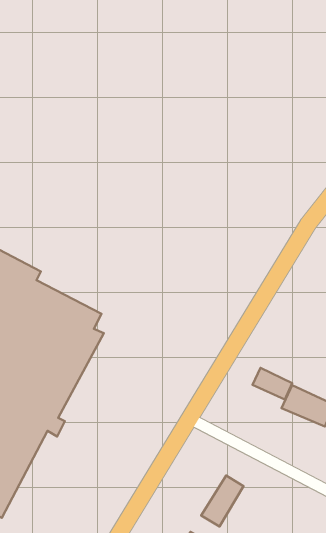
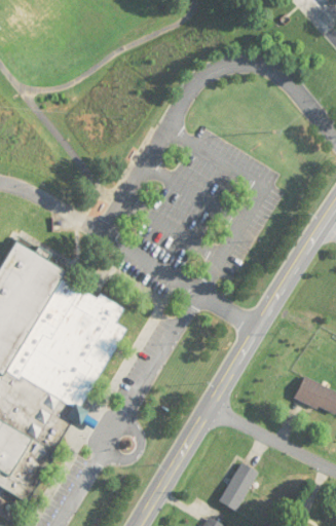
building: [252,368,292,400] -> none

